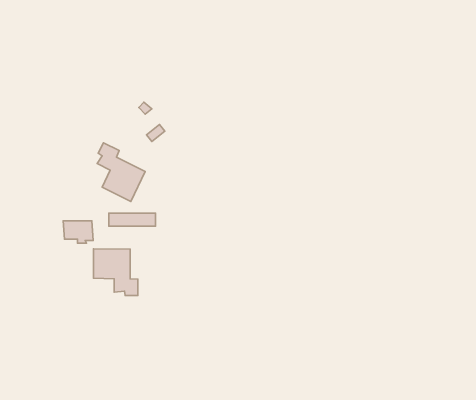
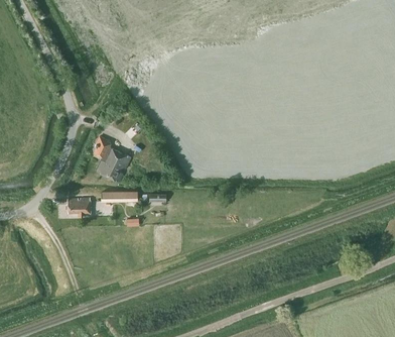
building: [94,249,138,295] -> none

